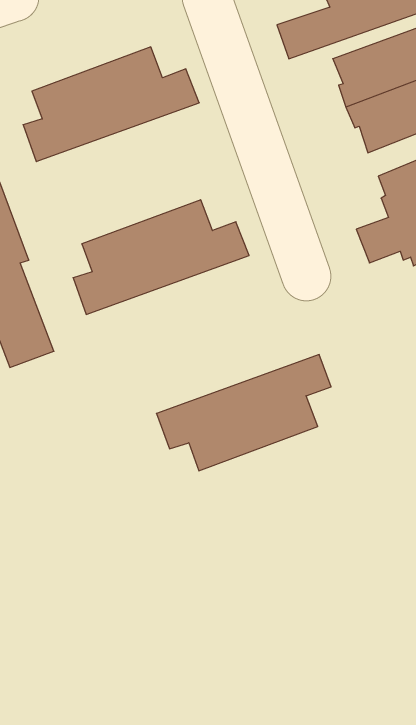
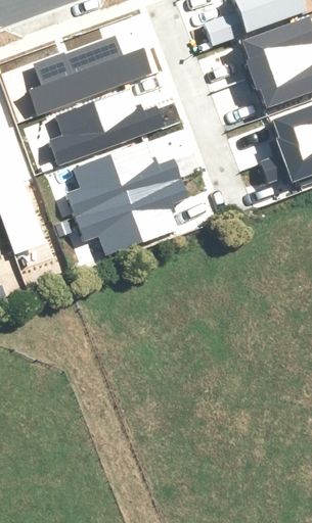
building: none -> [46,86,169,165]
building: [156,355,331,471] -> [71,179,192,259]

